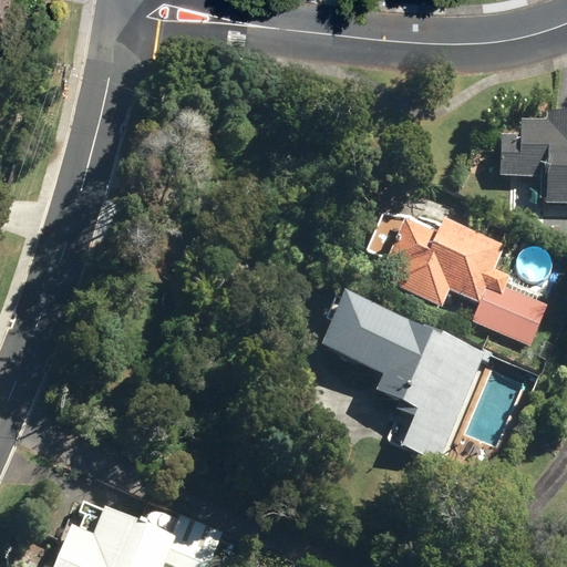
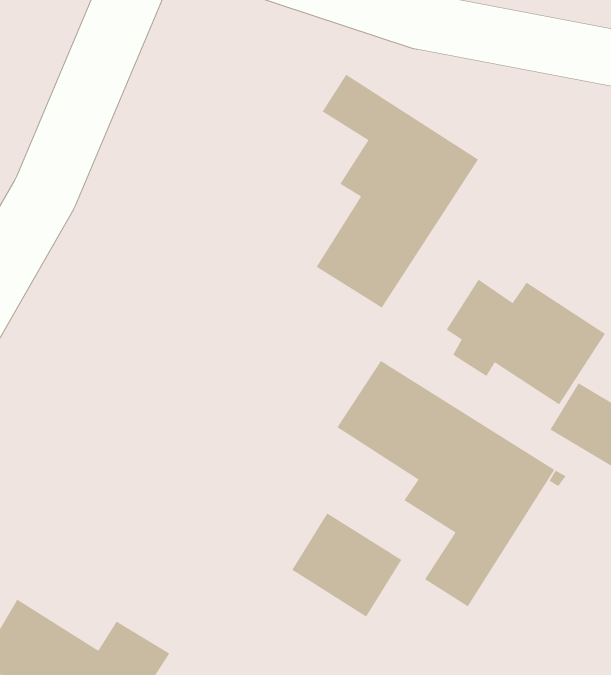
building: none -> [316,74,479,308]
building: none -> [291,512,402,617]

